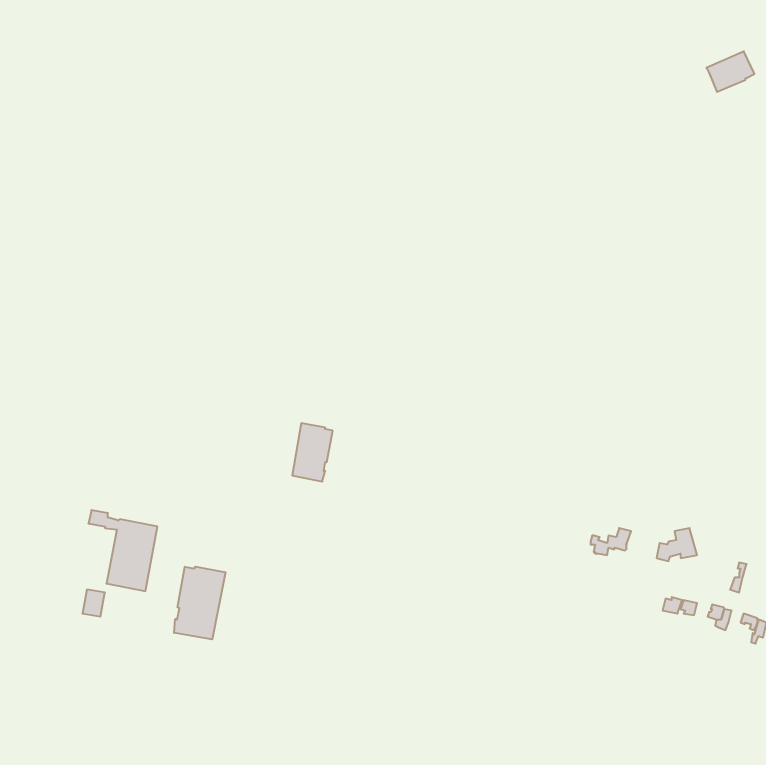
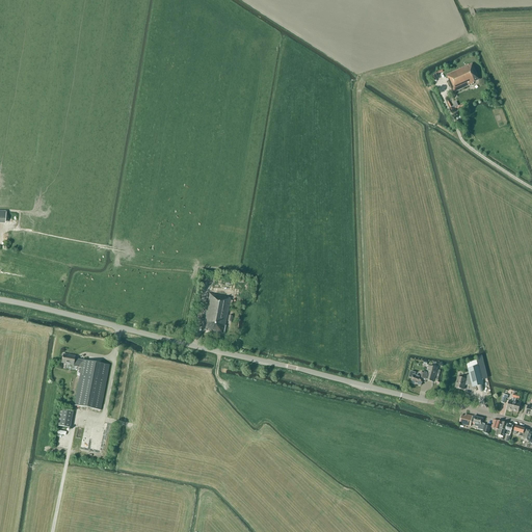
building: [706,51,754,92] -> [446,63,479,91]
building: [174,567,226,639] -> none

